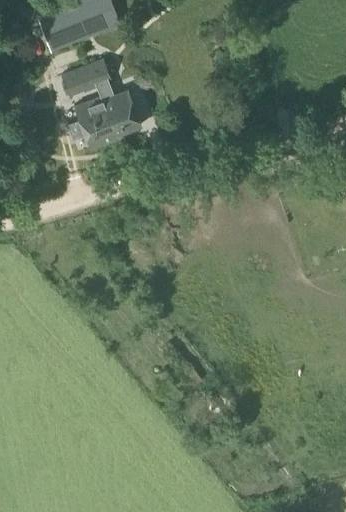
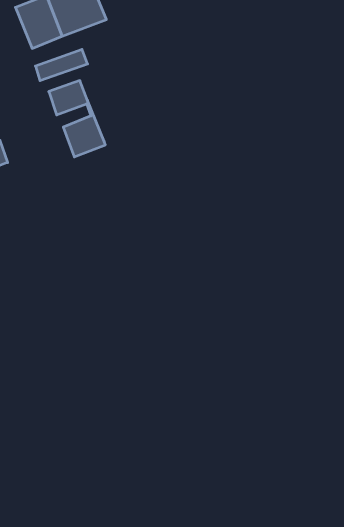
building: [97,76,142,136] -> none

